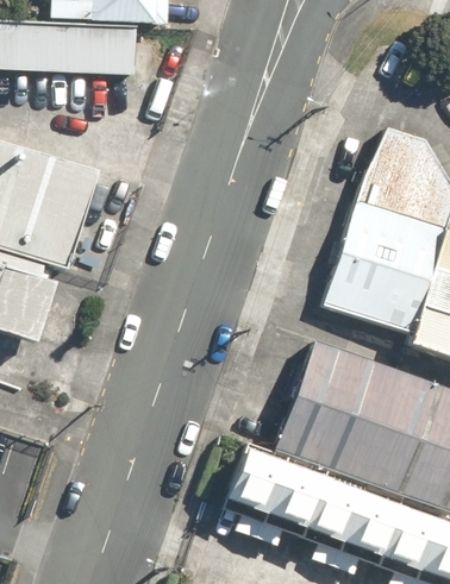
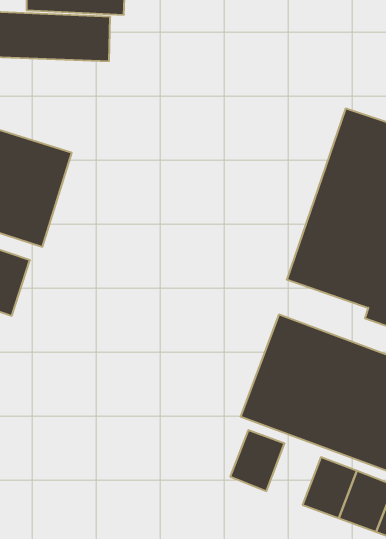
building: [225,447,283,510] -> none
building: [302,476,360,540] -> none

